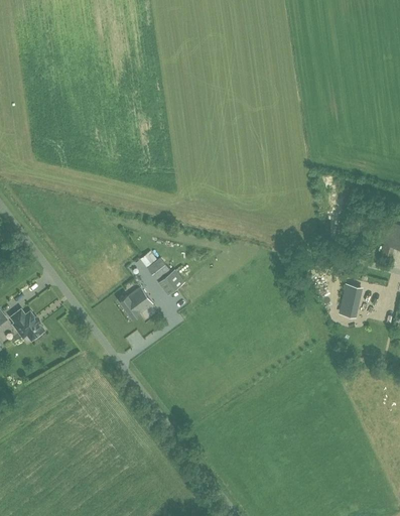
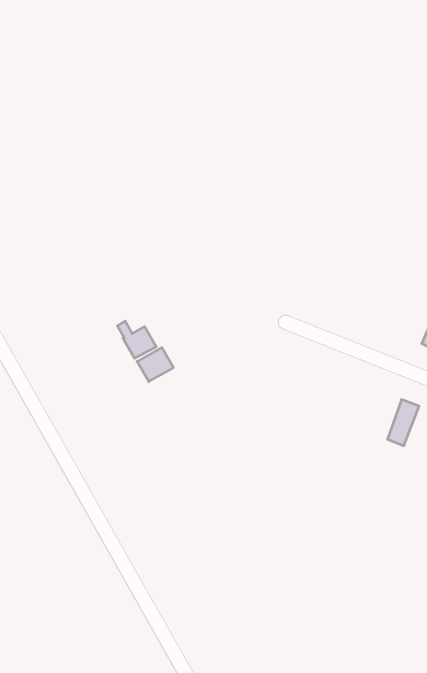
building: [120,288,152,320] -> none

